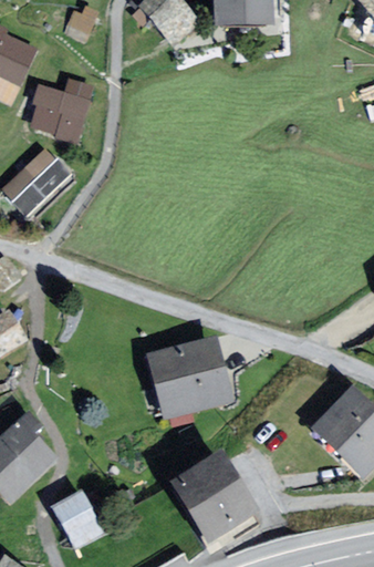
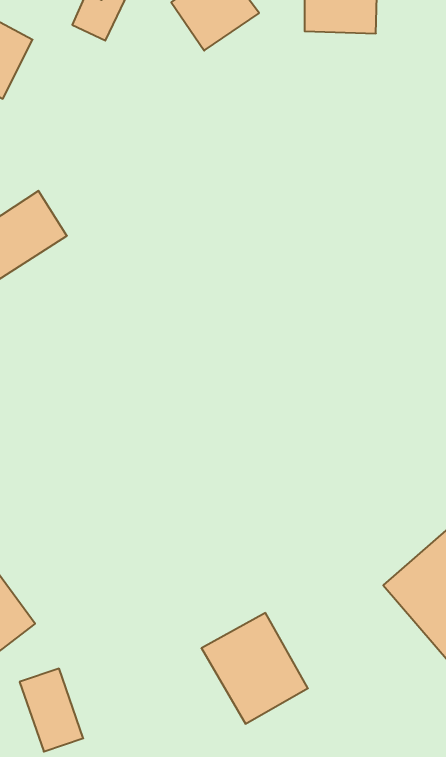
building: [32,84,86,135] -> none
building: [149,337,239,421] -> none

